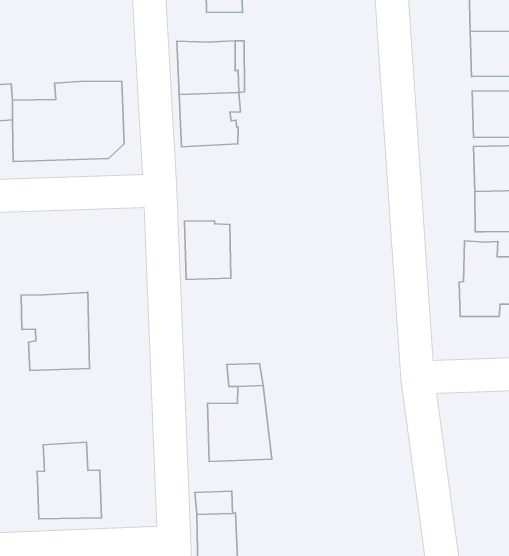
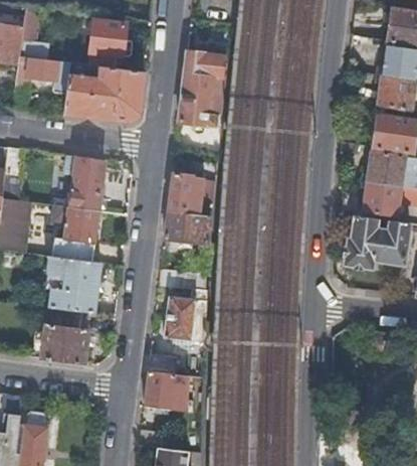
building: none -> [88,20,131,67]
building: none -> [65,154,103,209]
building: none -> [163,211,209,245]
building: none -> [45,255,99,312]

